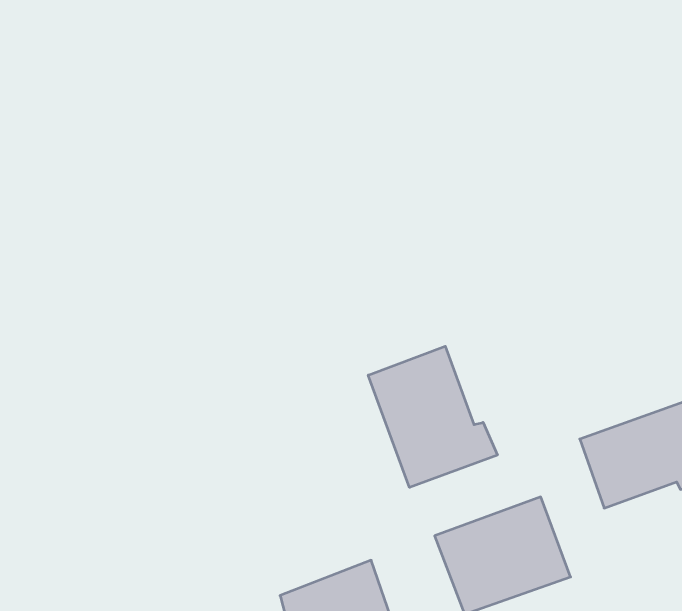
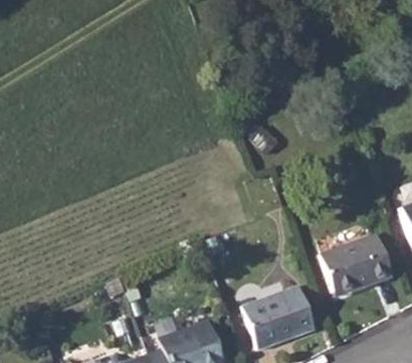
building: [368,346,497,487] -> none

